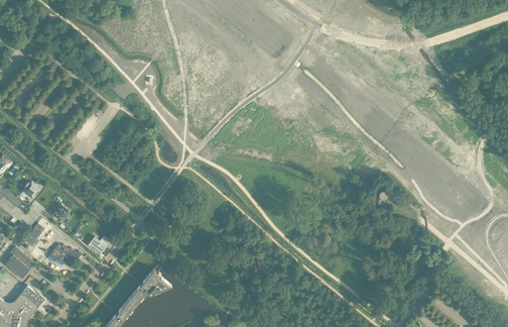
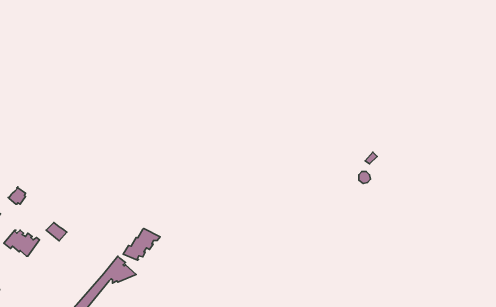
building: none -> [123,229,160,260]

